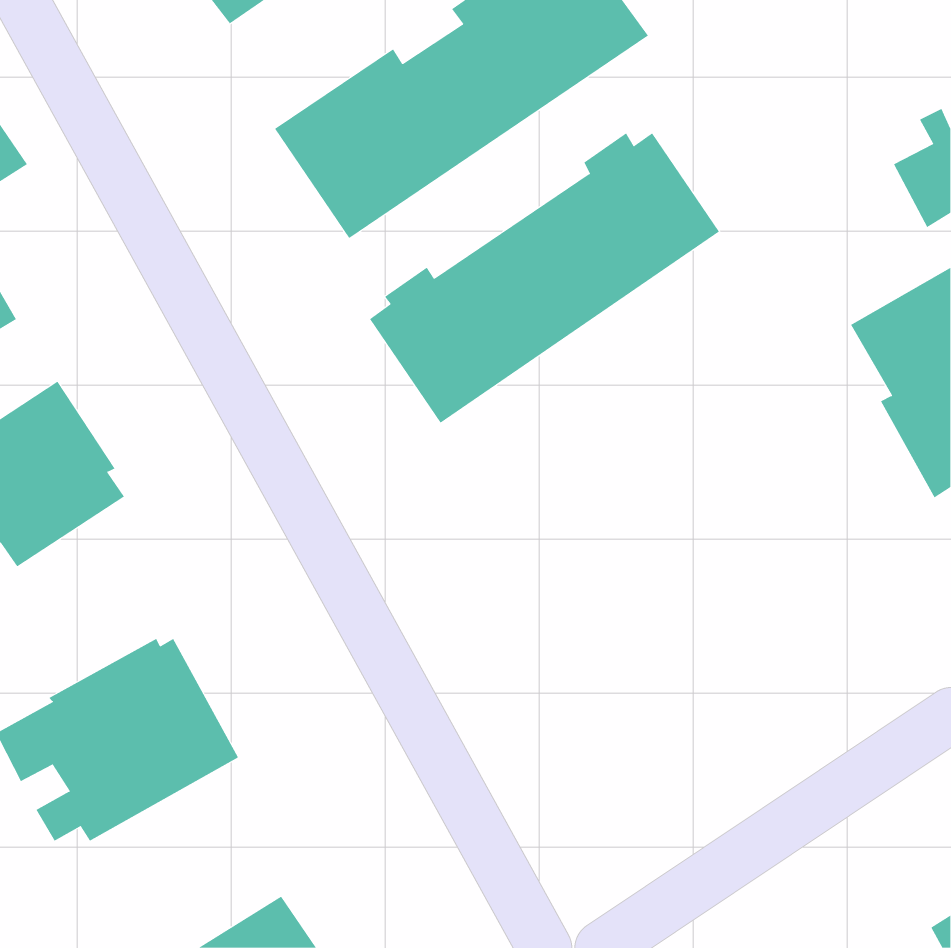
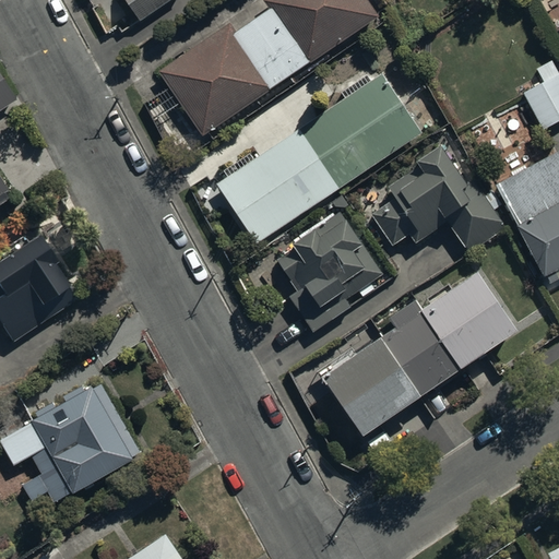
building: none -> [369,144,504,242]
building: none -> [276,209,381,328]
building: none -> [323,274,519,439]

